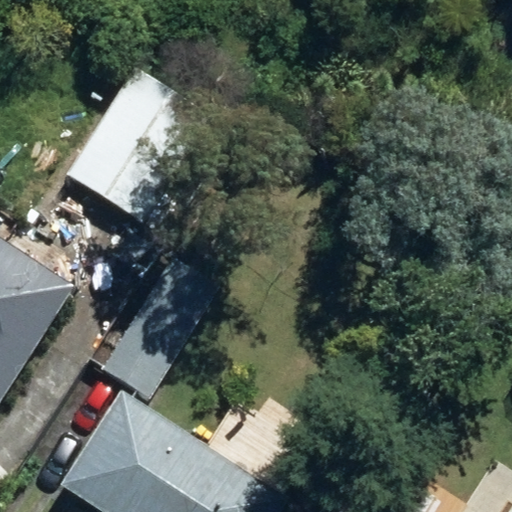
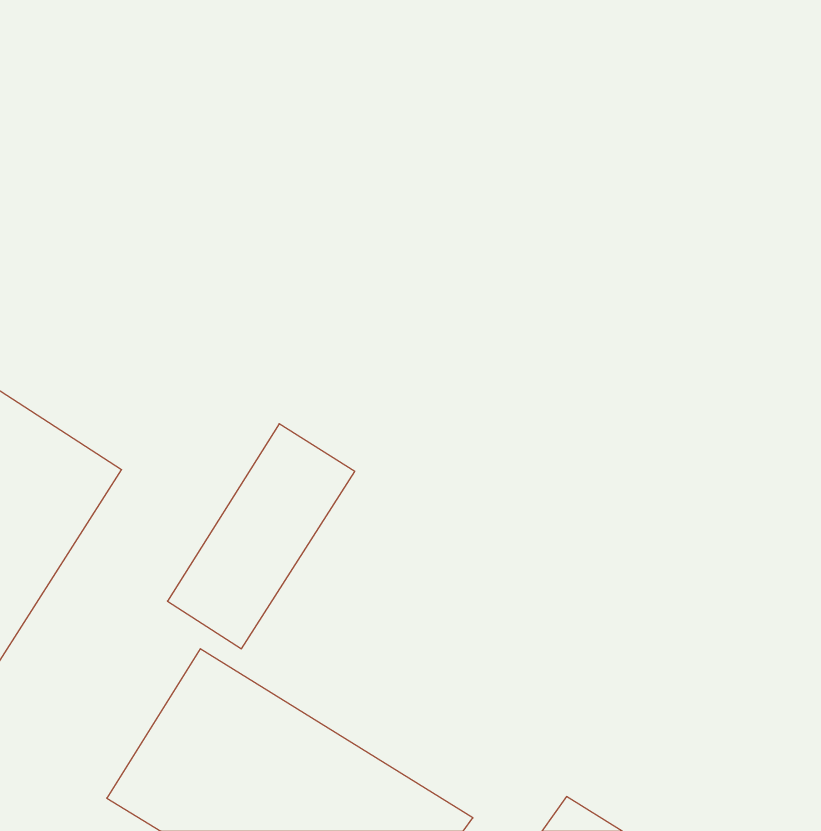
building: [67,68,207,221] -> none

